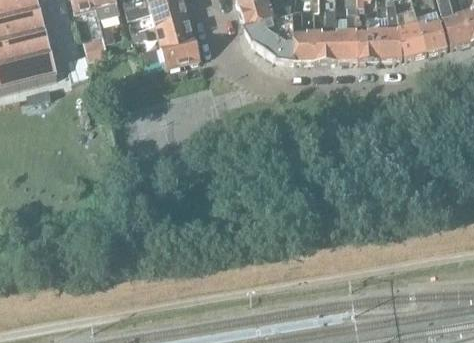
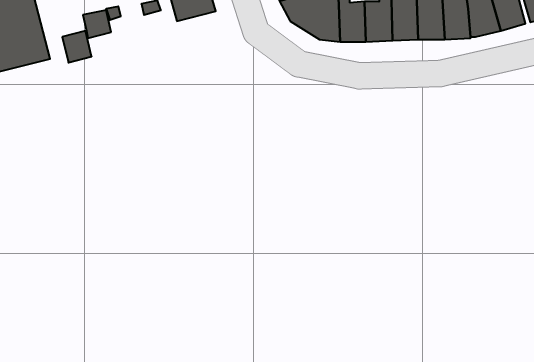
building: [141,35,200,66] -> none

